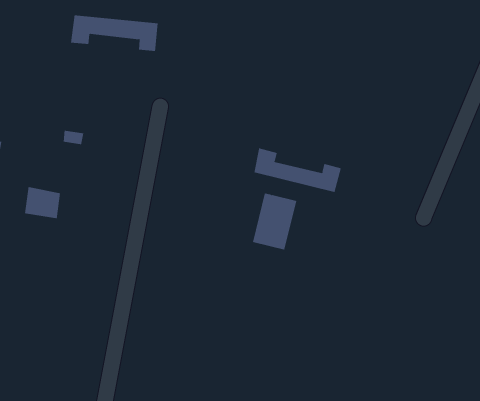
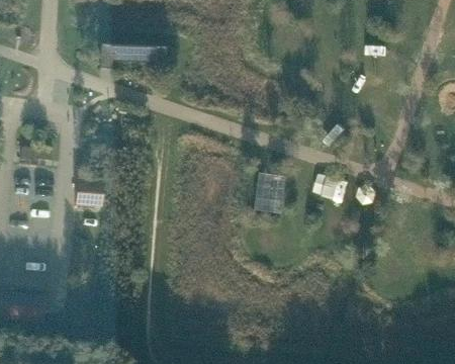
building: [254,148,342,193] -> none

